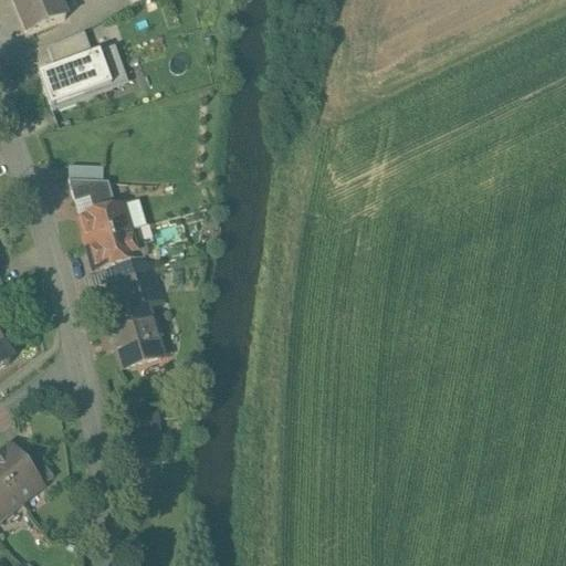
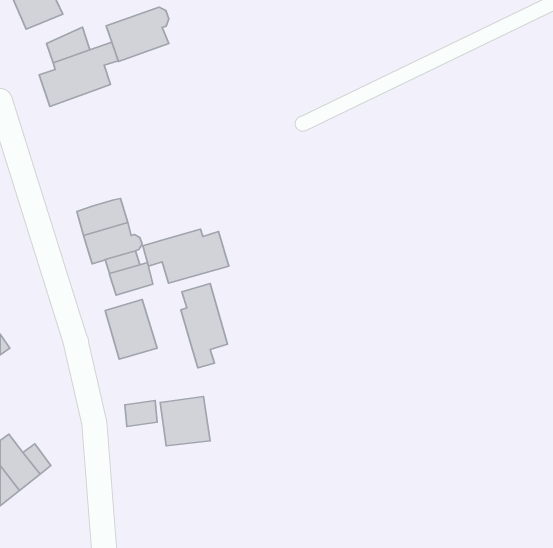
building: none -> [106,7,169,62]
building: [69,177,117,210] -> none
building: none -> [143,229,229,283]
building: none -> [181,283,228,368]
building: none -> [160,396,210,446]

